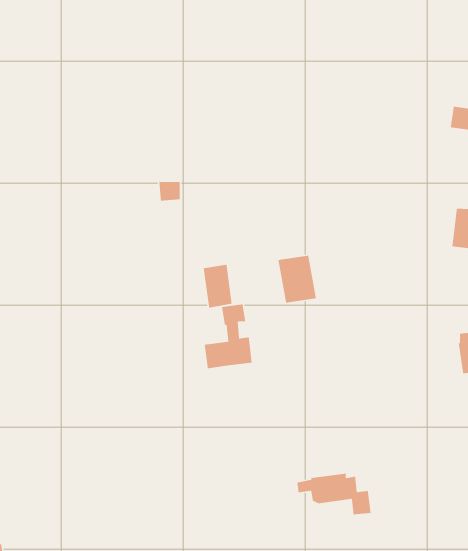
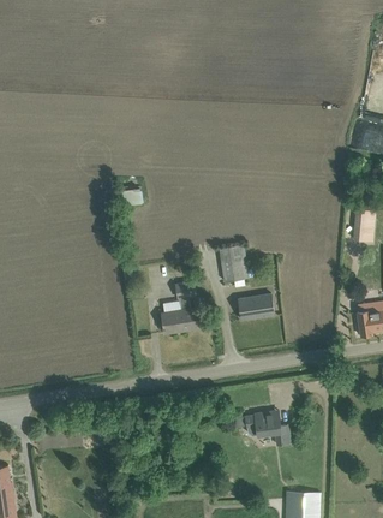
building: [203,264,233,308] -> none
building: none -> [238,293,274,320]

